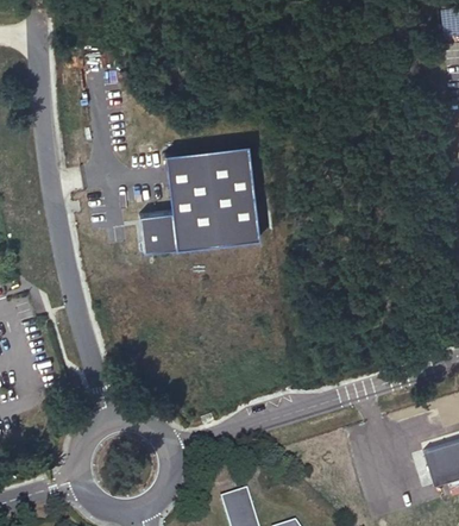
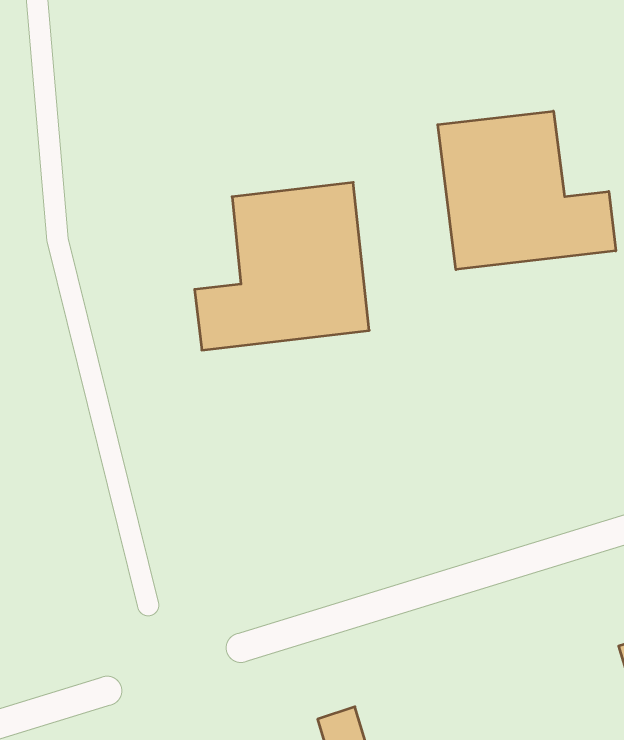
building: none -> [438,111,616,270]

